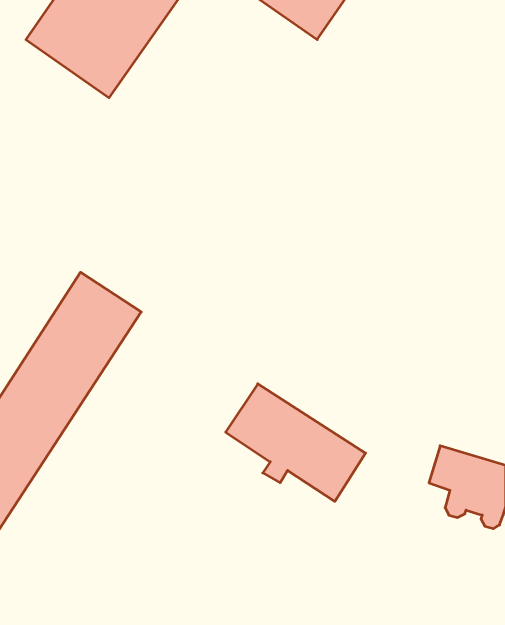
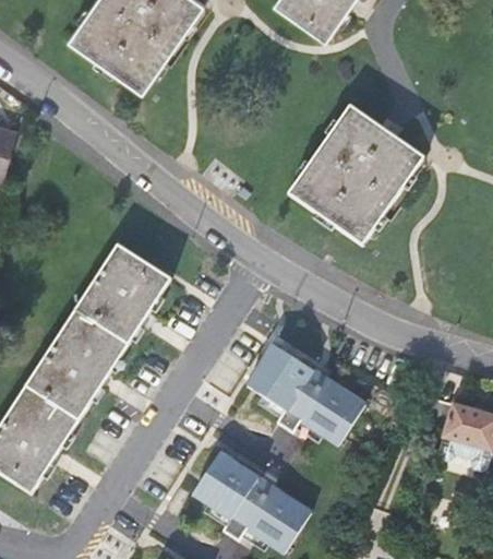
building: none -> [288,106,423,245]
building: none -> [190,441,313,545]

